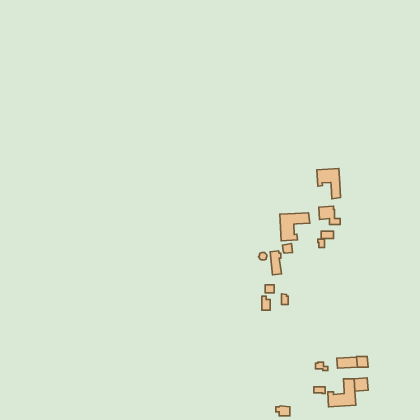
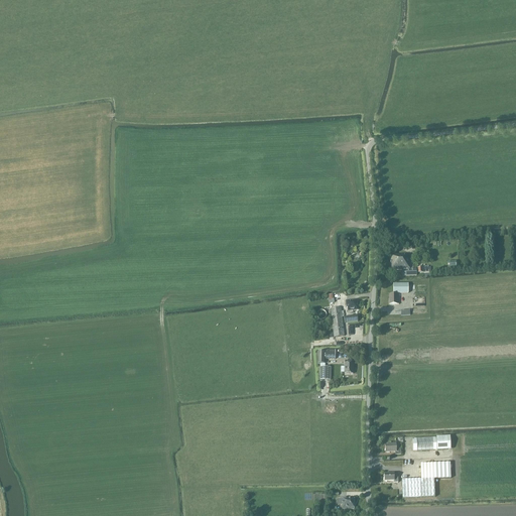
building: [317,169,340,199] -> none
building: [280,213,310,241] -> none

